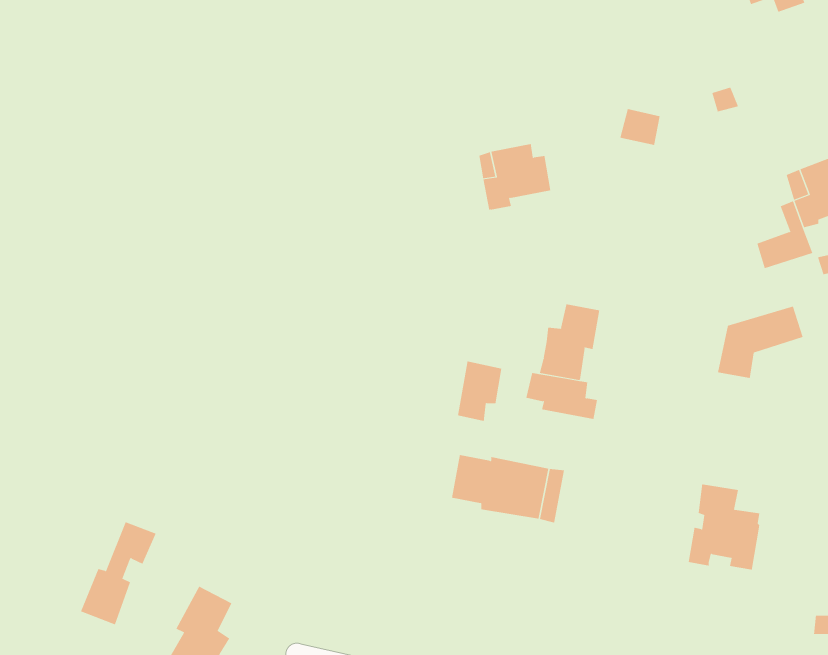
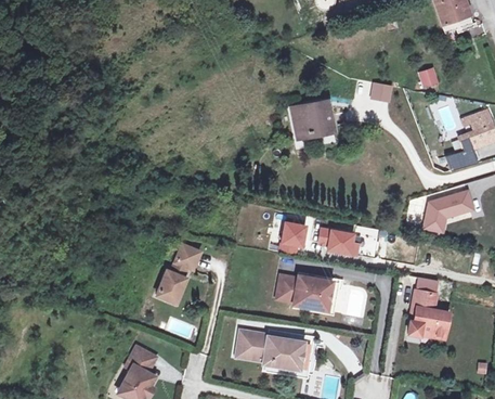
building: [539,303,600,381] -> none
building: [80,522,156,625] -> [156,245,198,303]
building: none -> [243,335,311,369]

